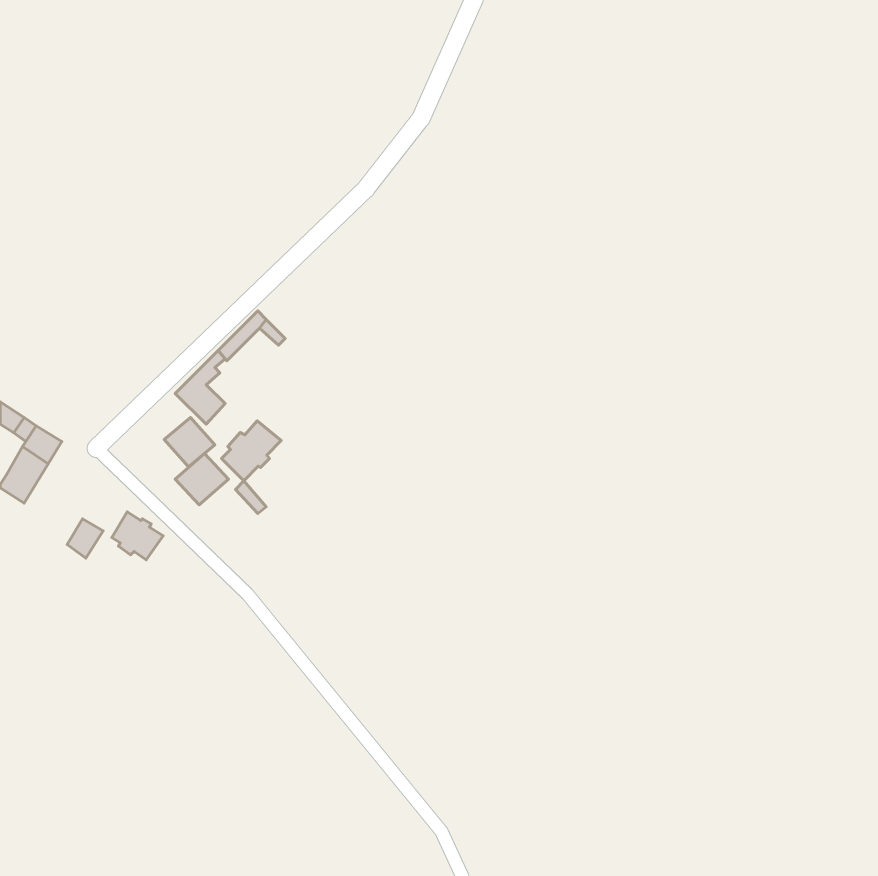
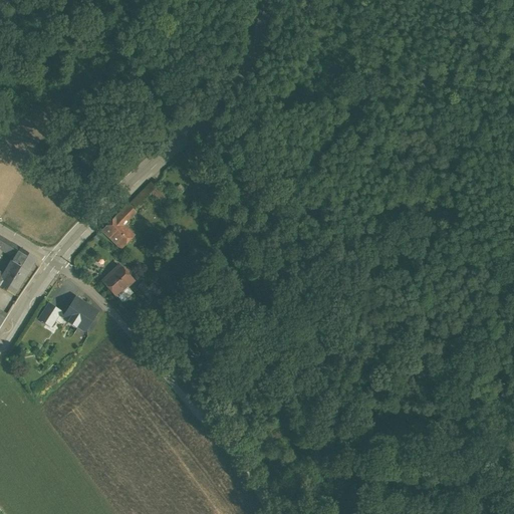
building: [164,417,215,467] -> none
building: [222,421,281,481] -> none

